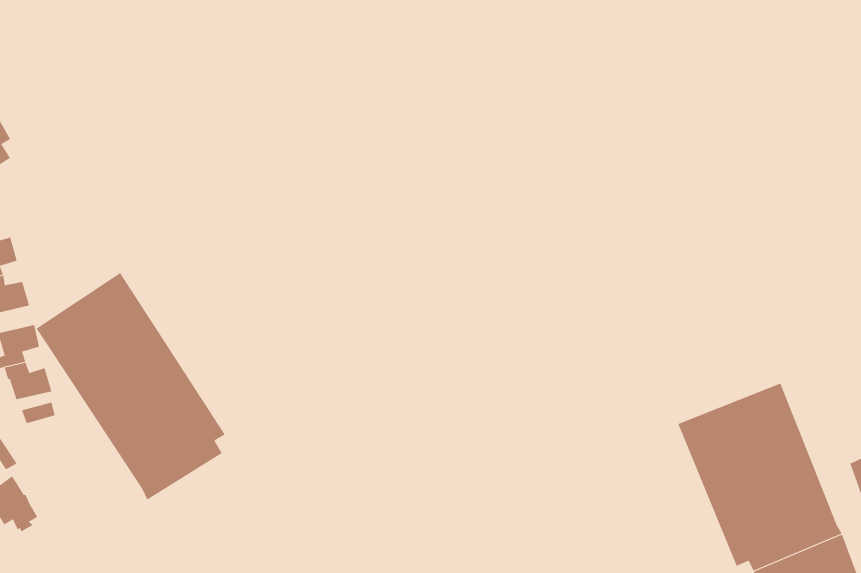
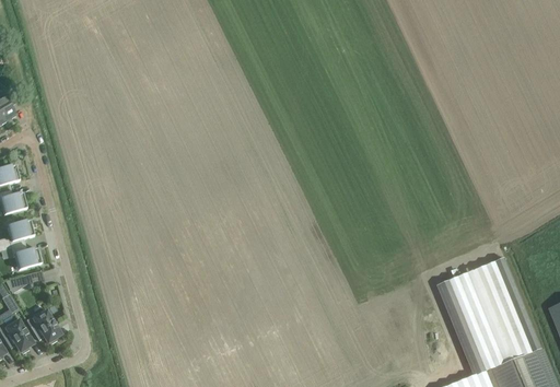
building: [36,272,225,500] -> none
building: none -> [25,308,60,344]

